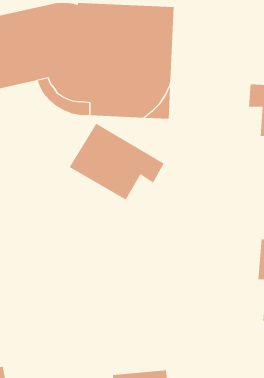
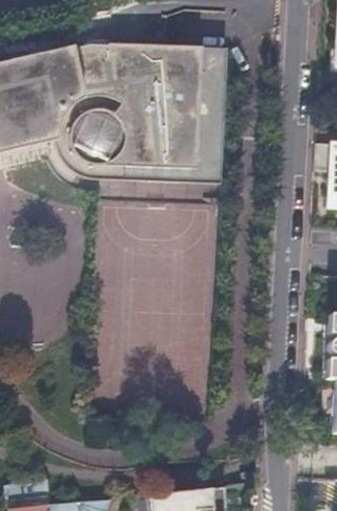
building: [69,123,165,200] -> none

